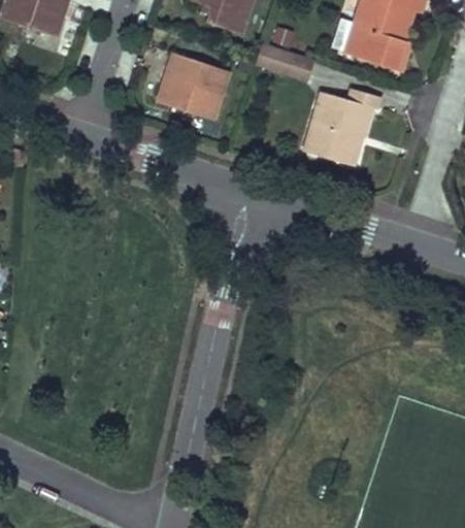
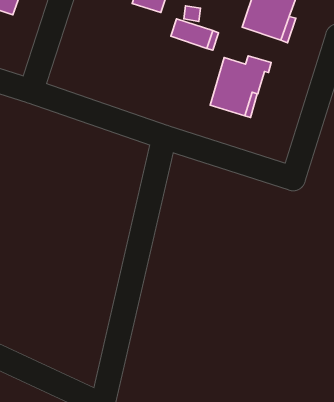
building: [156,52,230,120] -> none

